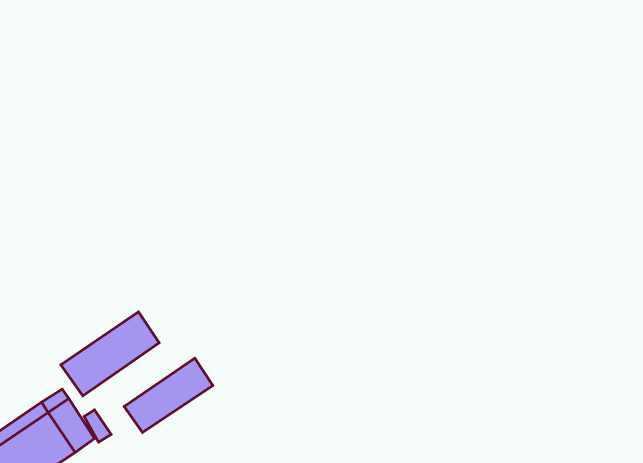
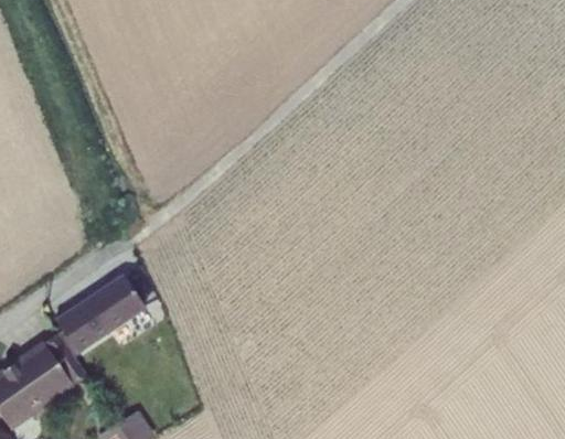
building: [124,358,213,433] -> none

